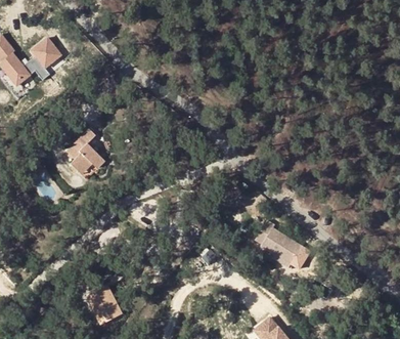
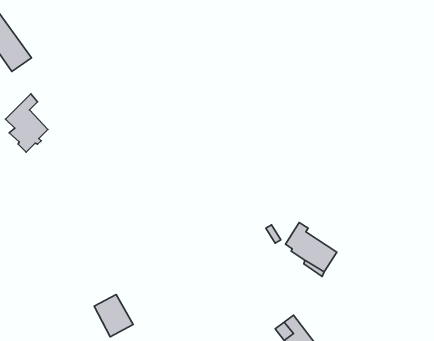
building: [28,36,62,70] -> none
building: [66,130,104,182] -> [6,94,48,152]

